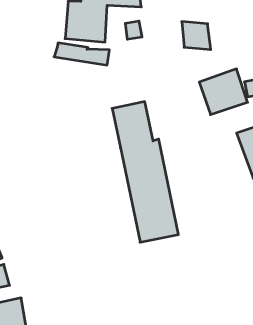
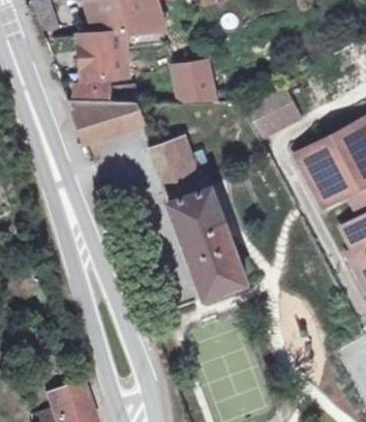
building: [182,22,211,50] -> [176,70,214,101]
building: none -> [68,100,144,145]

